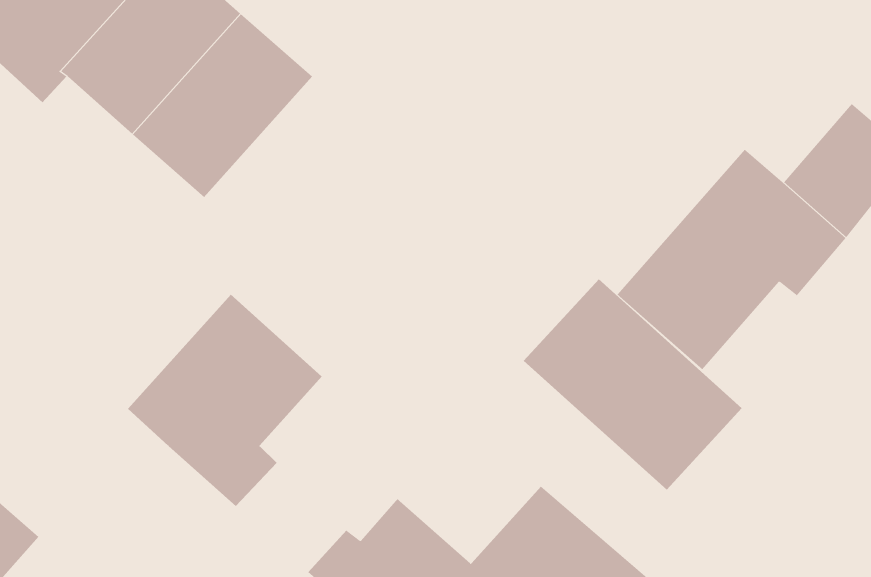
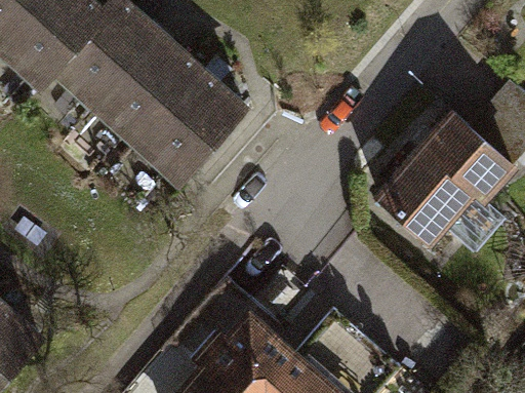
building: none -> [132,72,240,183]
building: [523,278,743,491] -> none
building: [127,294,322,507] -> none

